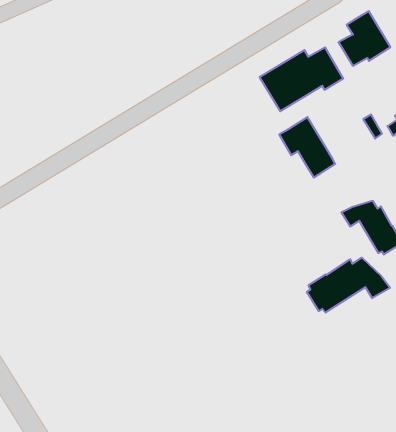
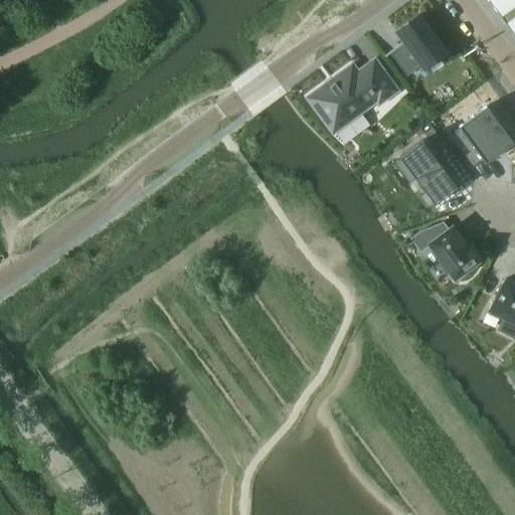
building: [279,117,335,177] -> [394,140,459,205]
building: [307,258,390,313] -> none

